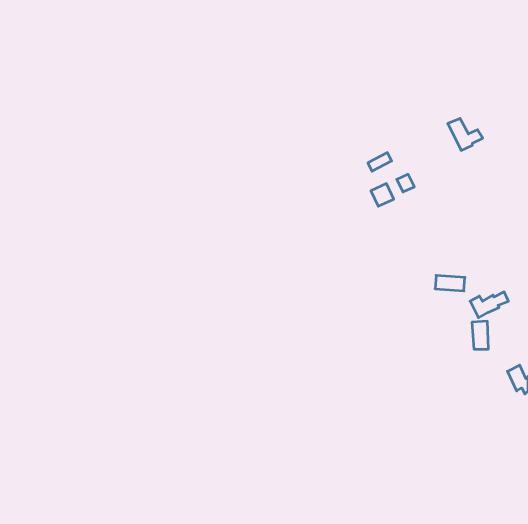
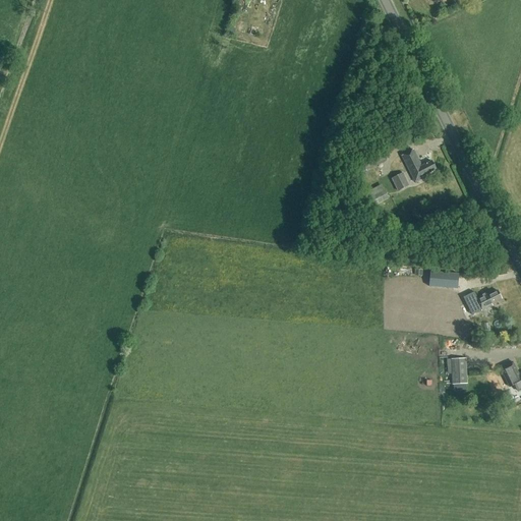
building: [448,118,483,150] -> [401,149,436,180]
building: [472,321,488,349] -> [451,355,467,383]

